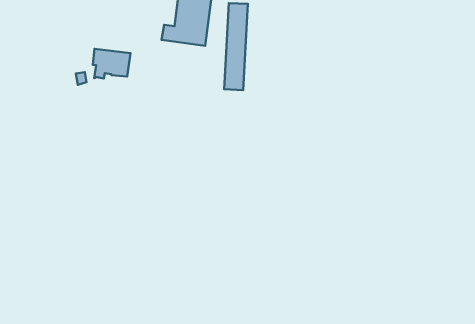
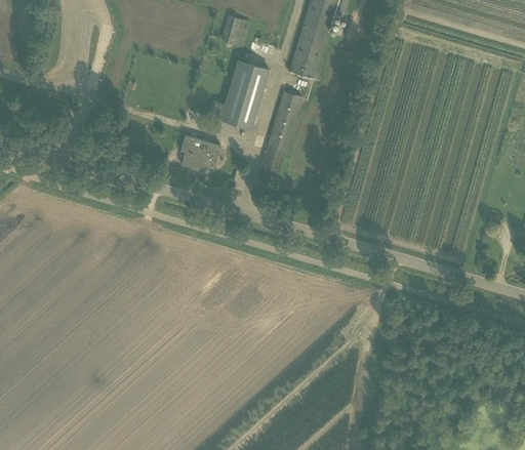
building: [93,49,130,79] -> [180,135,220,168]

